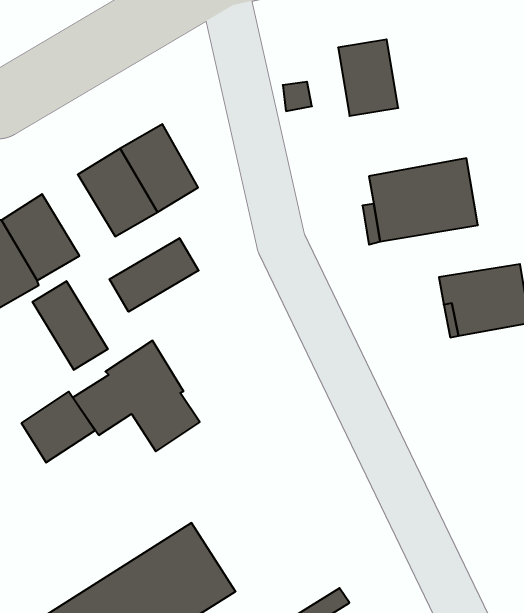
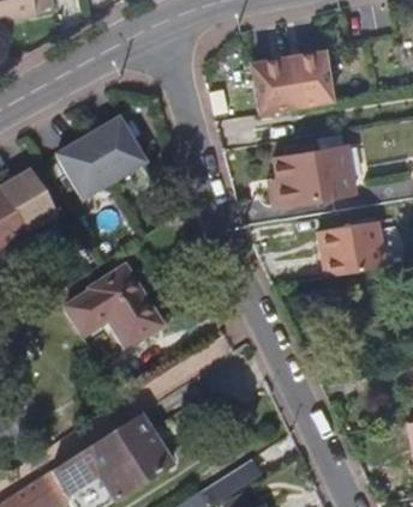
building: none -> [288,49,333,105]
building: [109,238,199,312] -> none
building: [33,281,108,370] -> none
building: [22,392,95,463] -> none

